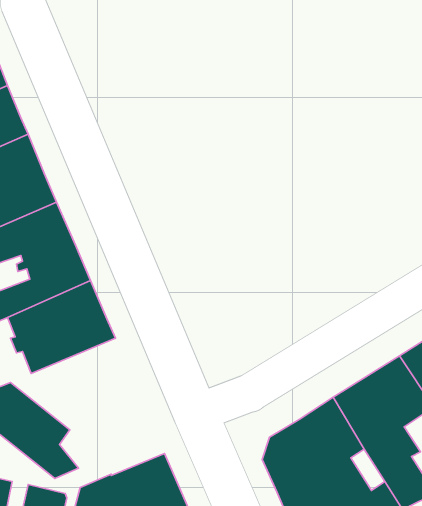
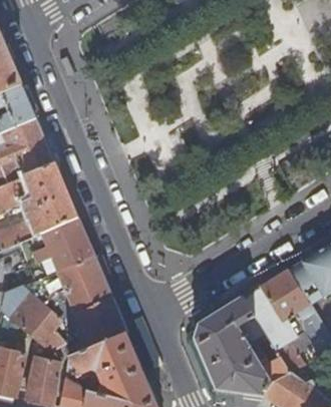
building: none -> [23,257,127,350]

